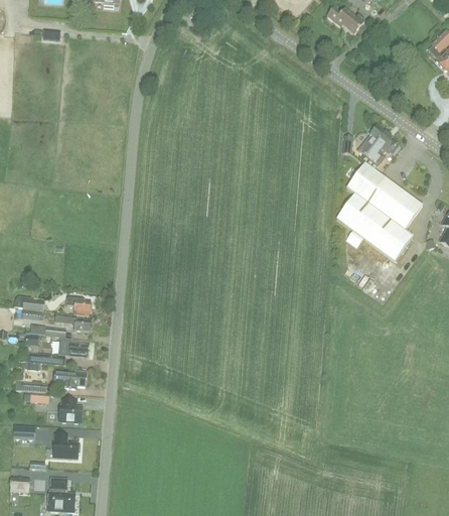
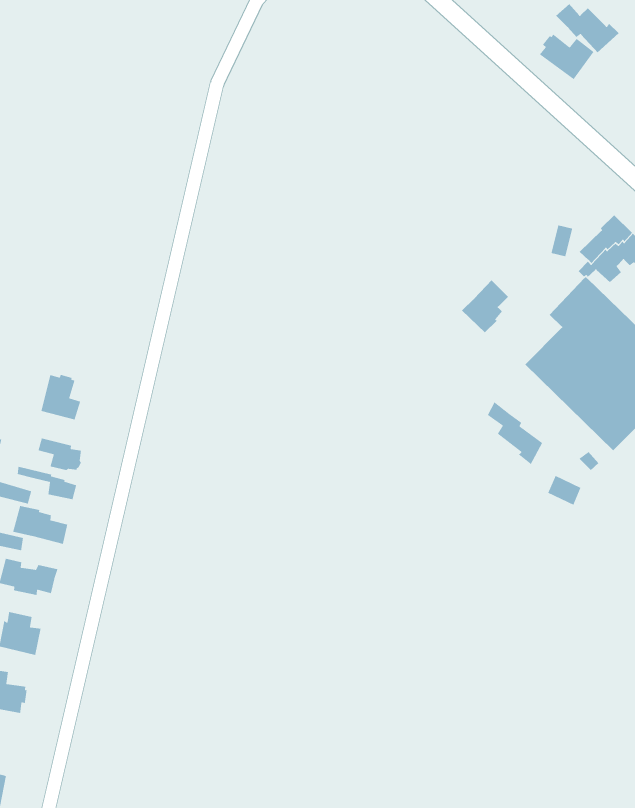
building: none -> [539,34,595,80]
building: none -> [461,280,509,333]
building: none -> [487,401,543,465]
building: none -> [40,374,81,420]

